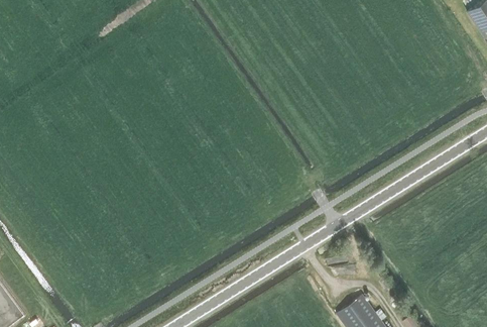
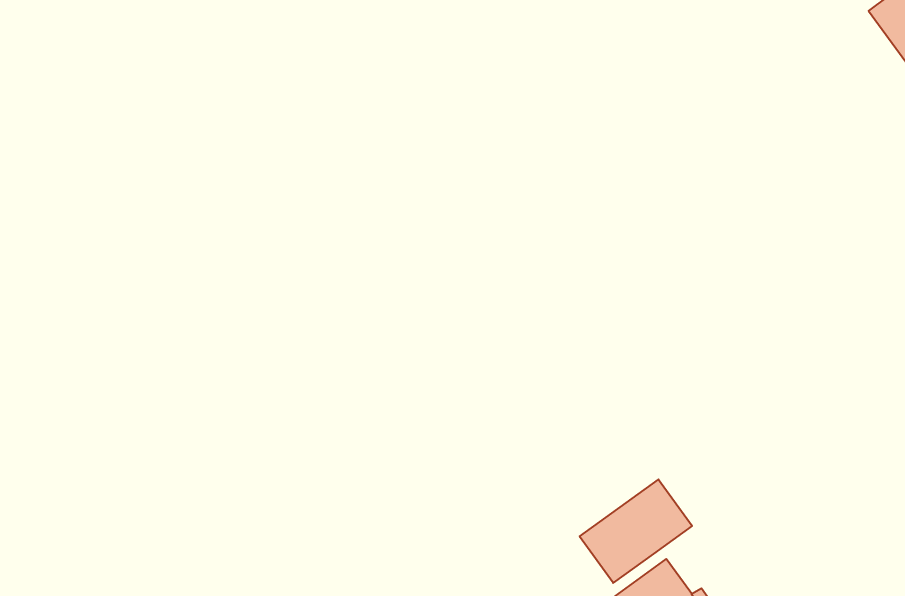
building: none -> [580,479,692,583]

